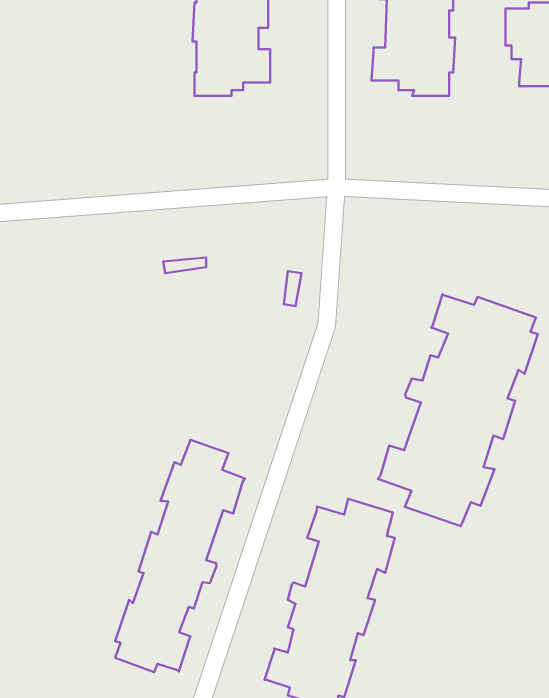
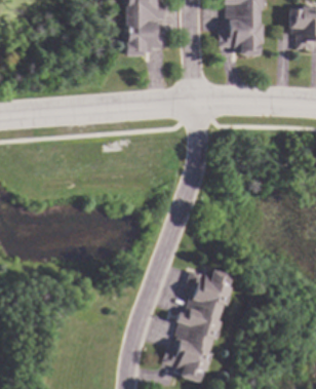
building: [378,294,538,526] -> none
building: [115,440,245,672] -> none

